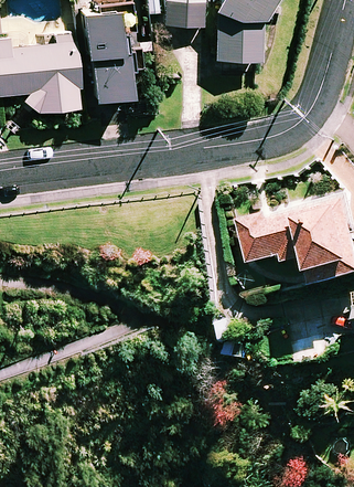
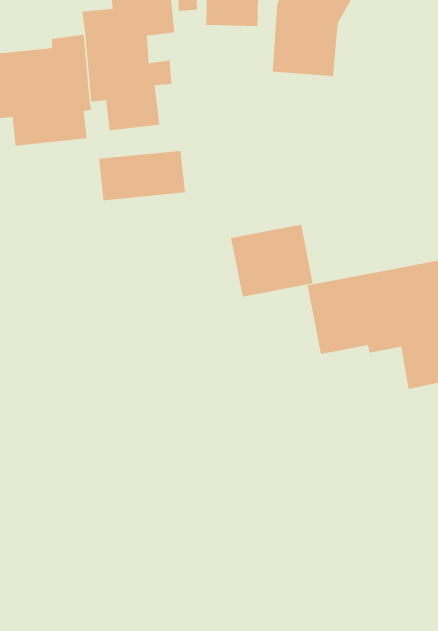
building: none -> [99,150,185,201]
building: none -> [230,224,313,297]

